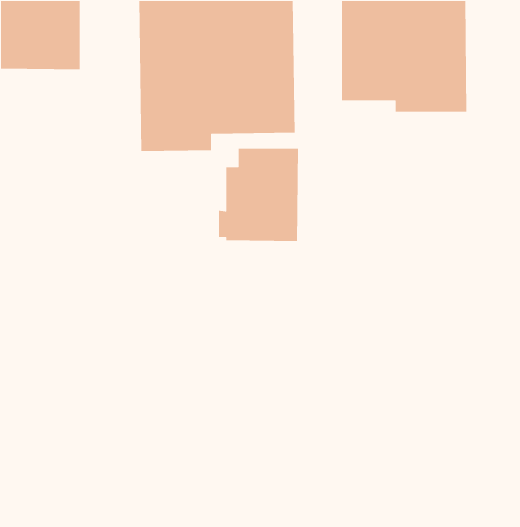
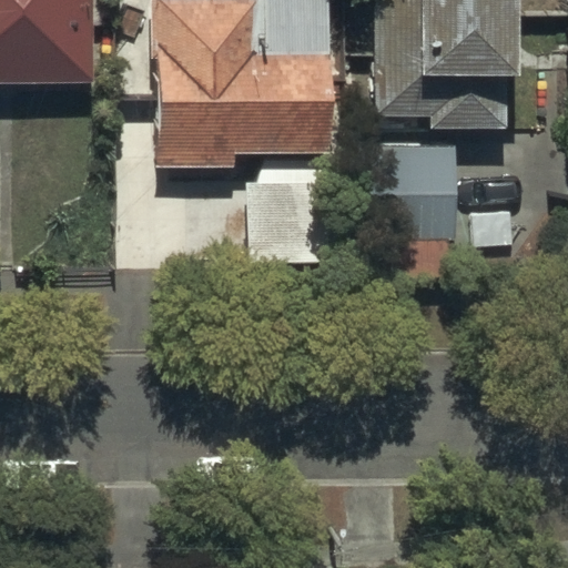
building: none -> [366,143,455,236]

